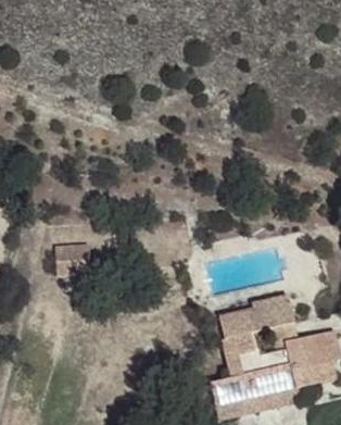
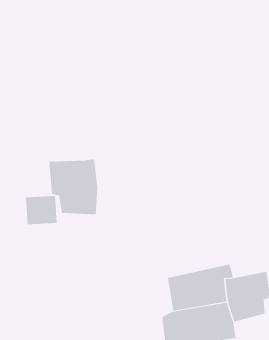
building: none -> [49,158,98,215]
building: [219,296,293,337] -> none

